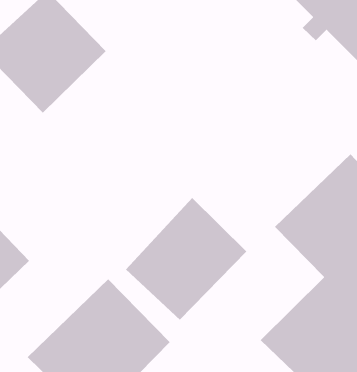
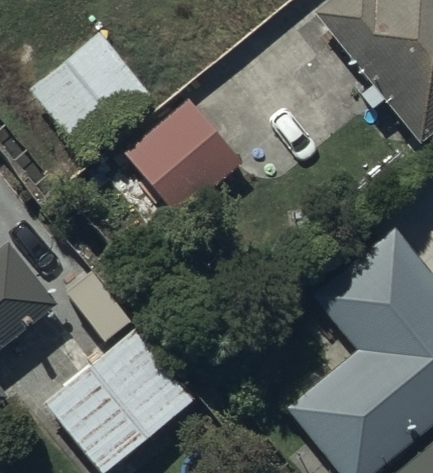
building: none -> [118,89,245,217]
building: [125,197,247,320] -> none

